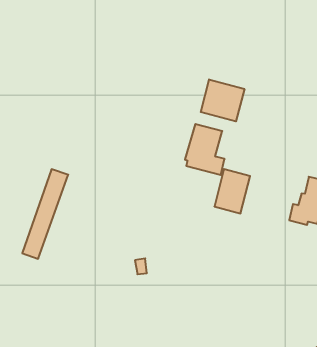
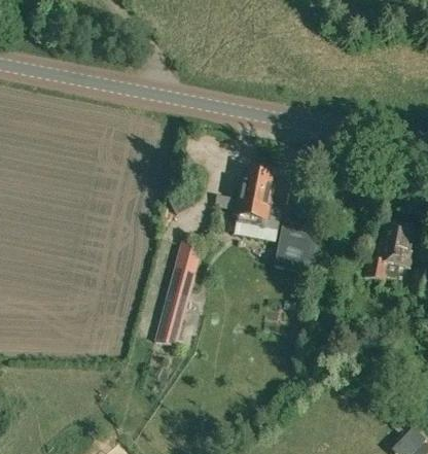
building: [201,79,244,121] -> none
building: [22,169,68,259] -> [156,238,205,346]

